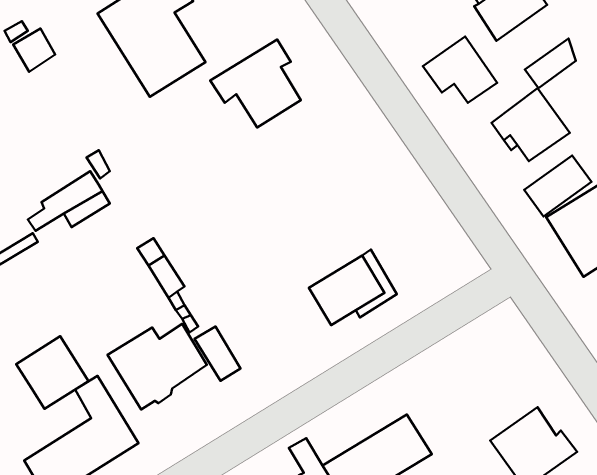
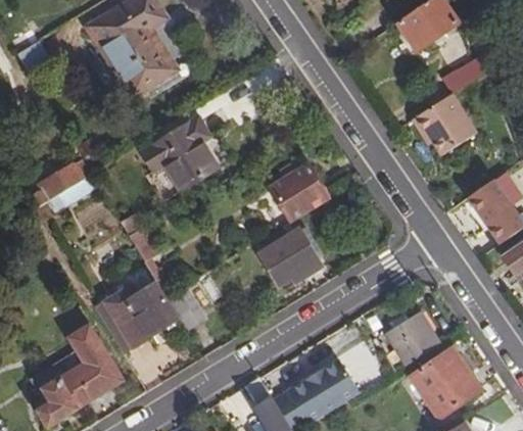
building: [423,36,497,103] -> none
building: [210,39,301,128] -> [142,117,217,190]
building: [524,155,591,216] -> none
building: none -> [270,164,328,221]
building: [16,336,88,409] -> none
building: none -> [388,313,438,364]

